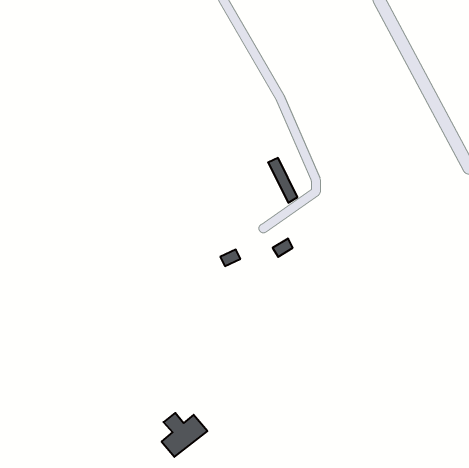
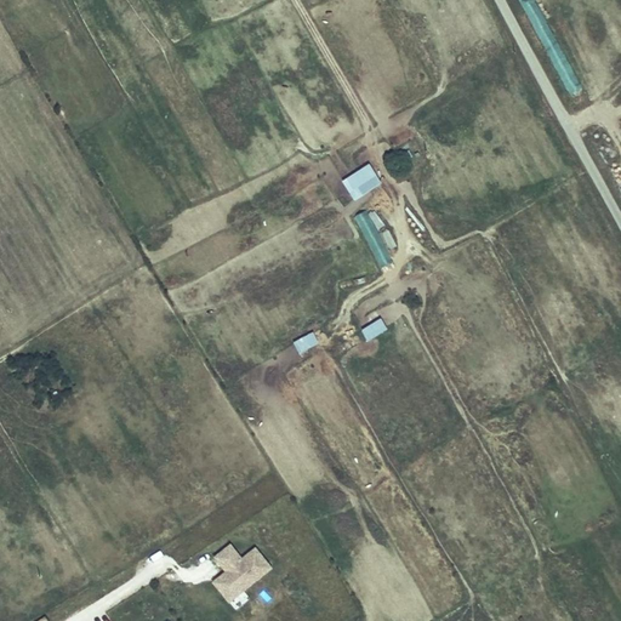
building: none -> [340,161,381,199]

